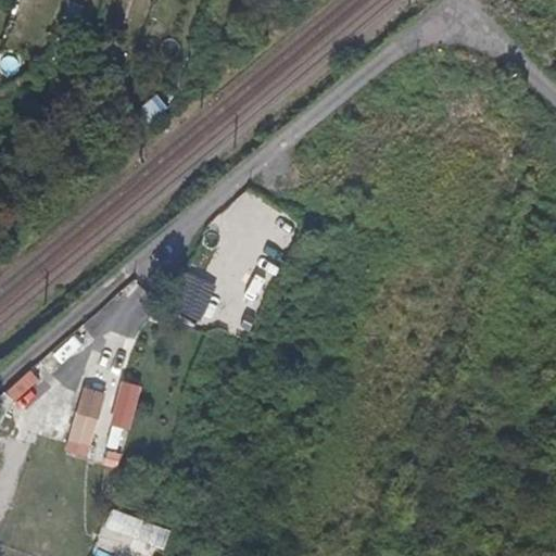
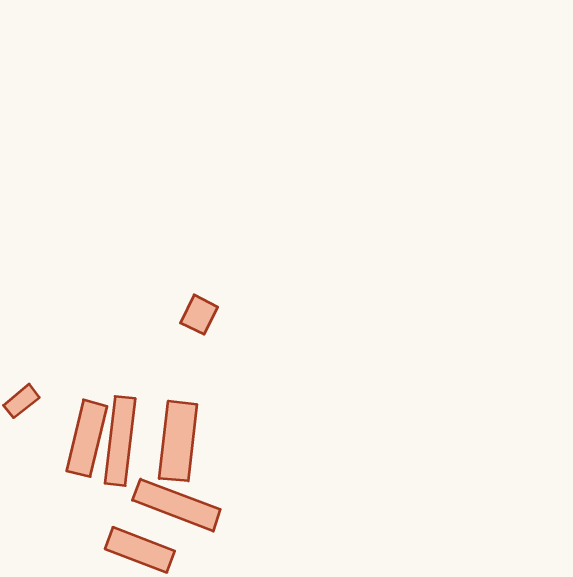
building: none -> [159,401,197,481]
building: none -> [132,479,220,531]

